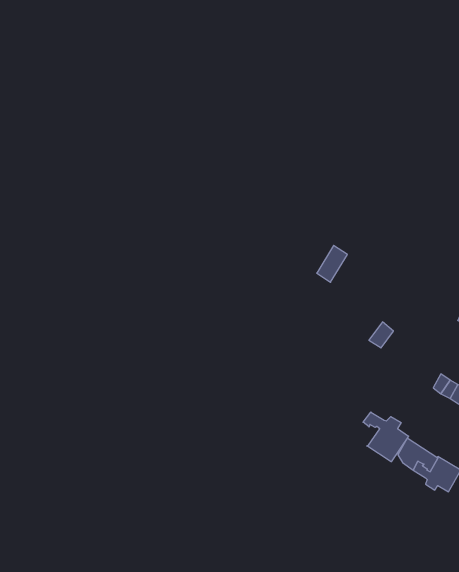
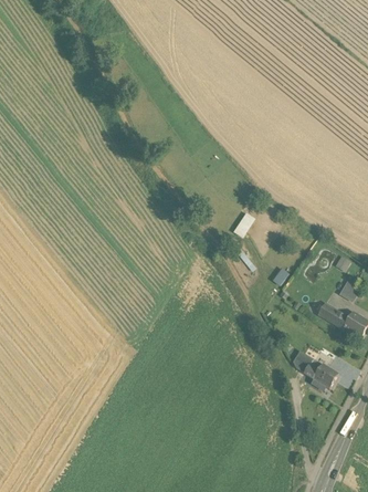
building: [363,412,409,462] -> none

